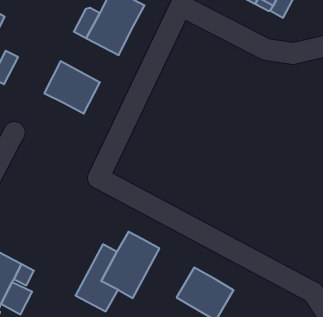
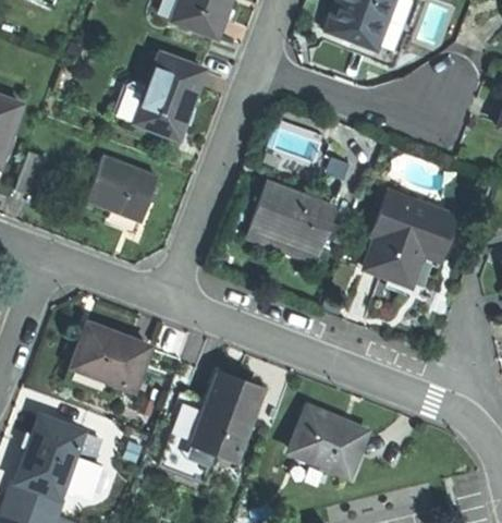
building: none -> [250,181,335,251]
building: none -> [366,191,456,284]
building: none -> [72,320,150,389]

